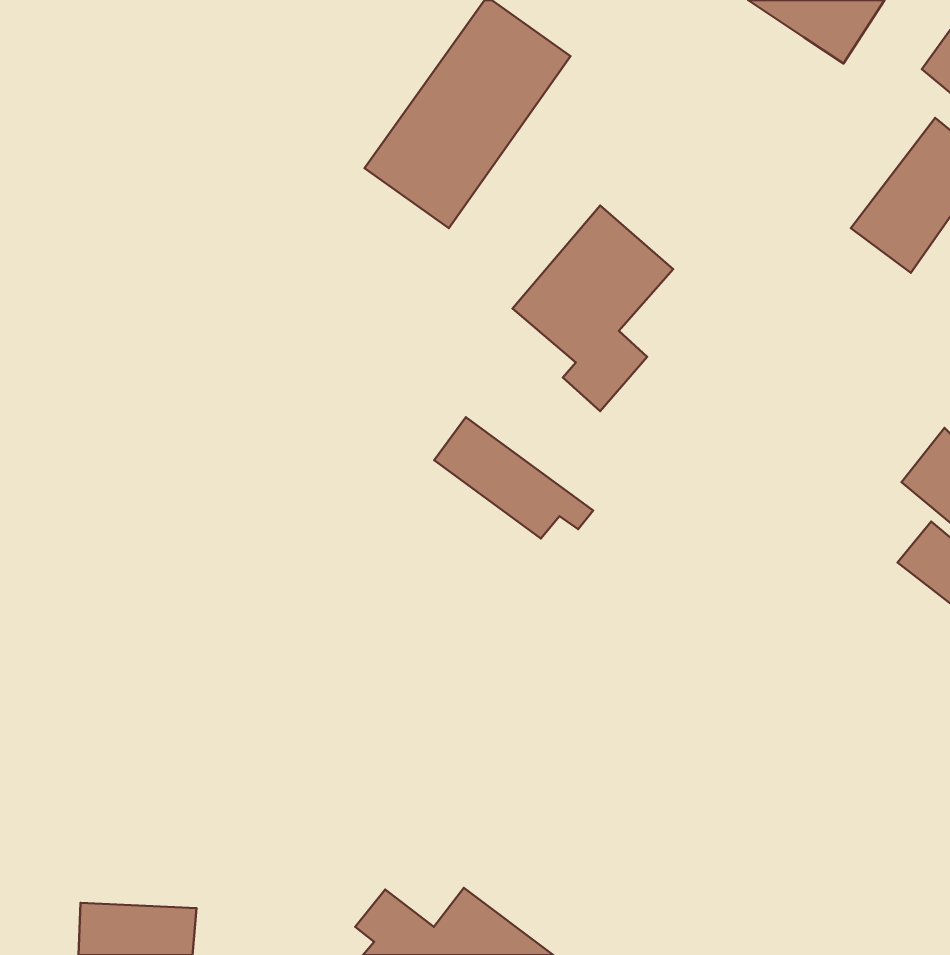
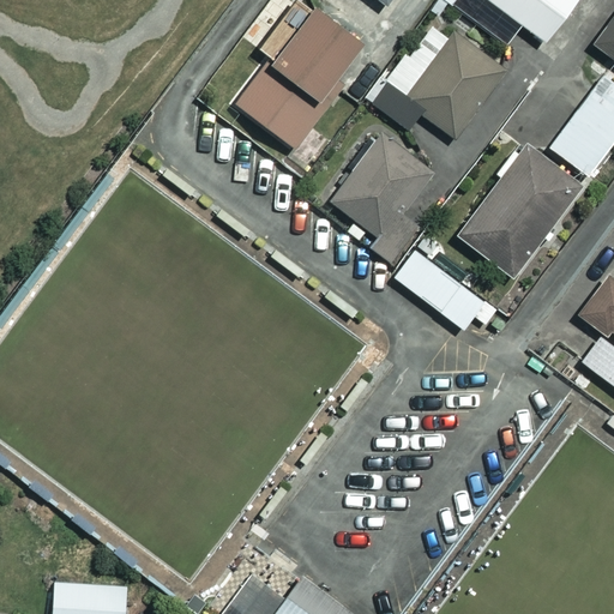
building: none -> [402,34,505,139]
building: none -> [456,145,584,281]
building: [434,417,593,539] -> [393,251,495,329]

